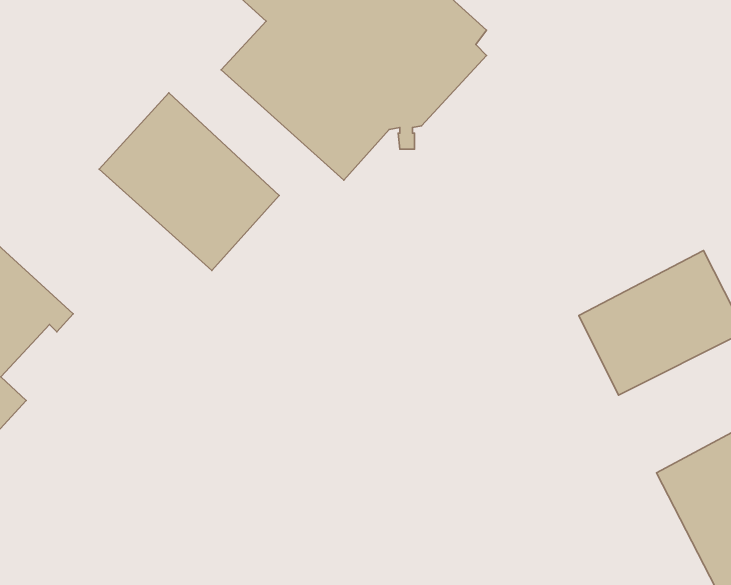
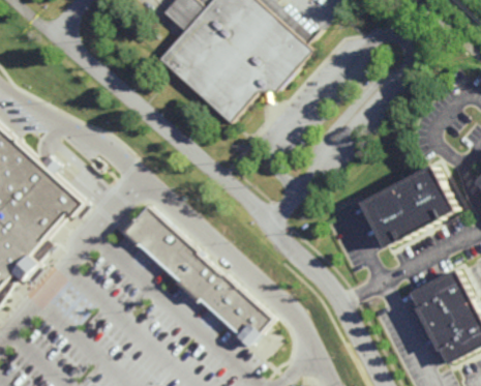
building: [99,93,279,270] -> none
building: none -> [118,206,268,346]

